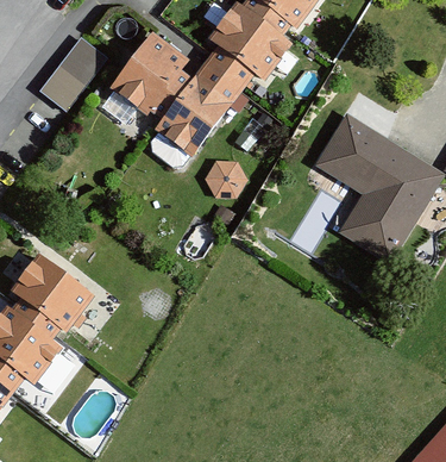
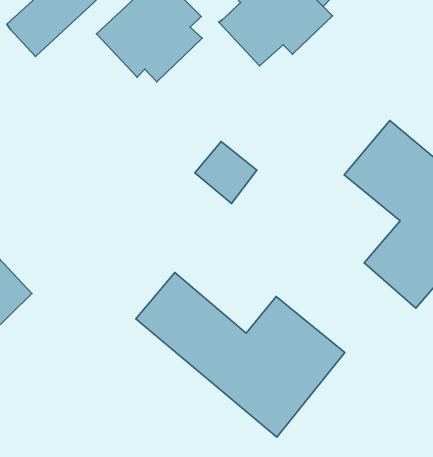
building: [153,62,239,155] -> none
building: none -> [136,272,345,437]

